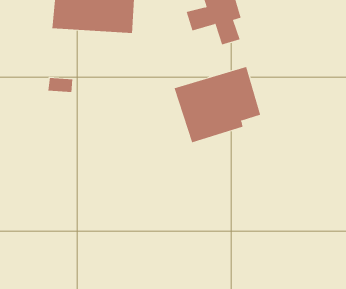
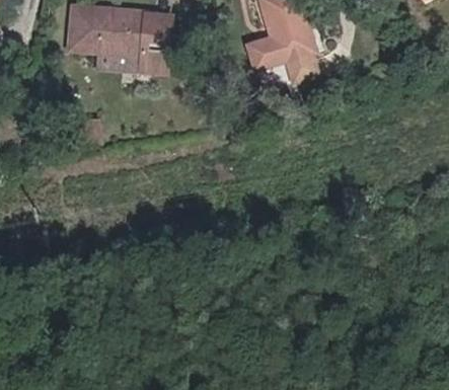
building: [174,66,261,143] -> none

